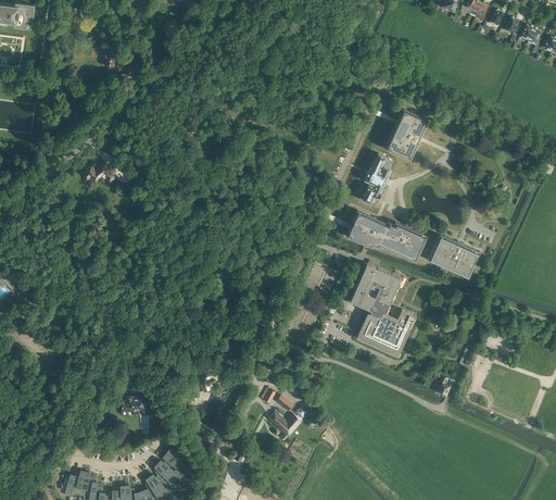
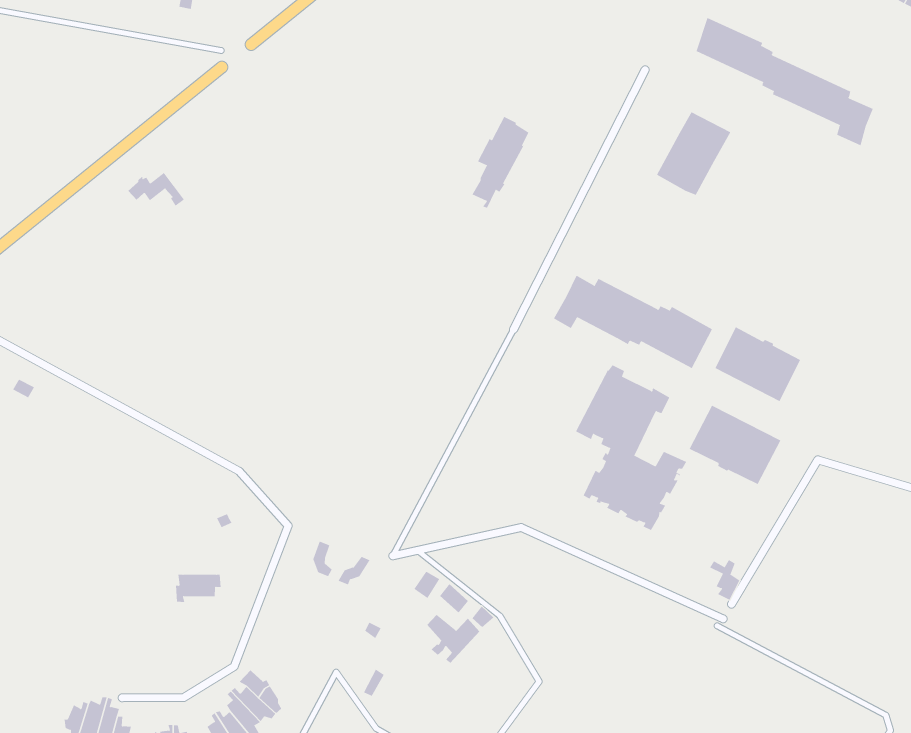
building: none -> [696,17,873,146]
building: [361,153,392,208] -> [472,116,529,209]
building: none -> [689,405,781,485]

